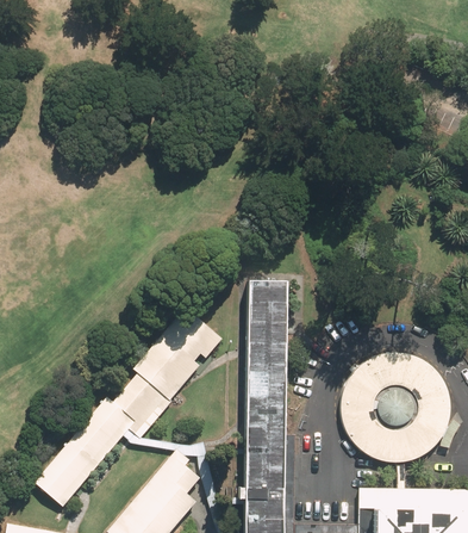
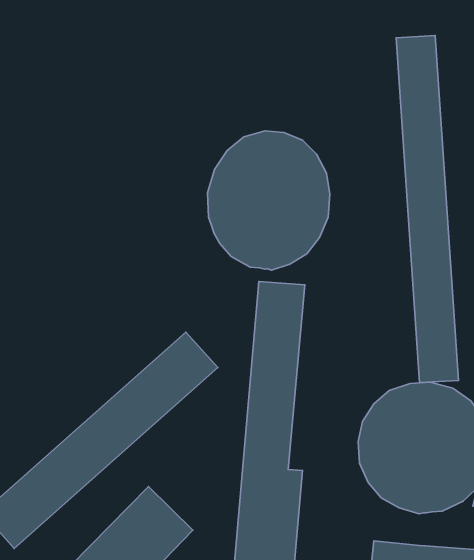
building: none -> [396,35,459,383]
building: none -> [208,131,330,270]

